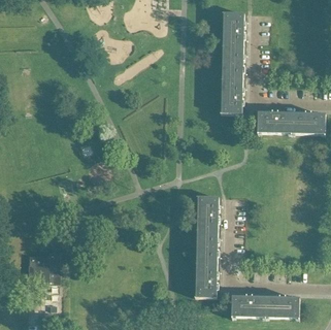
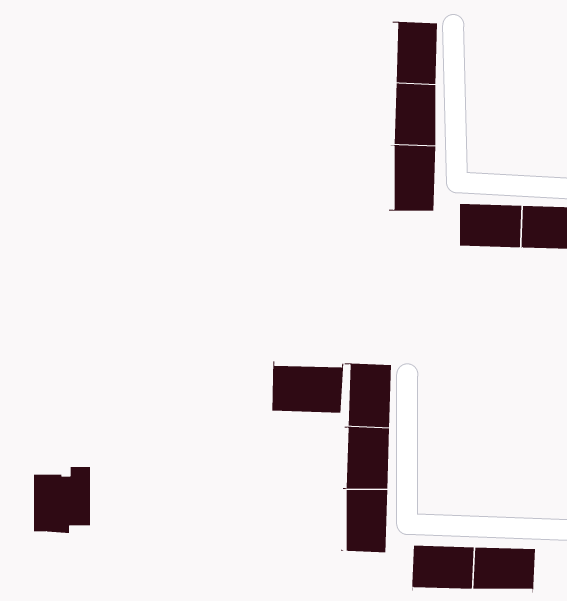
building: none -> [272,361,344,413]

